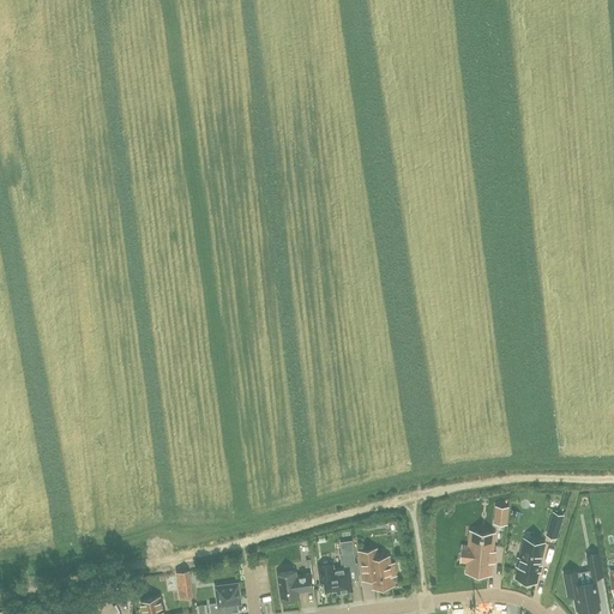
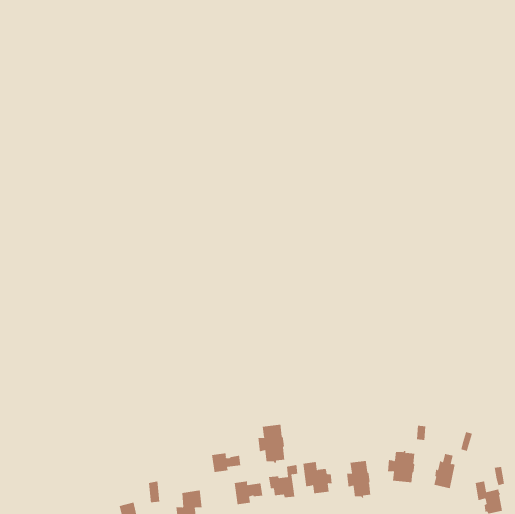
building: none -> [258,424,285,464]
building: none -> [211,452,241,473]
building: none -> [346,460,371,499]

